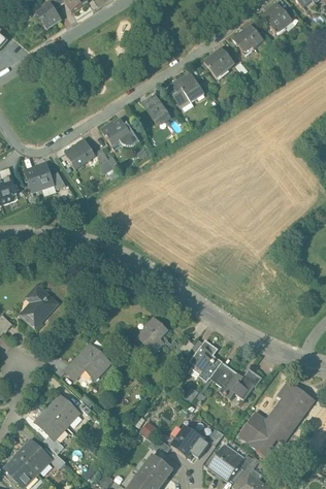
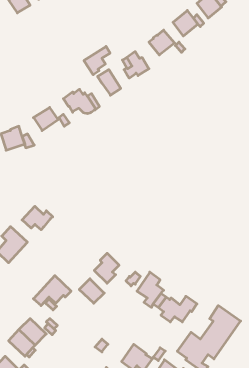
building: none -> [84,46,110,75]
building: none -> [22,206,53,230]
building: none -> [79,279,104,303]

